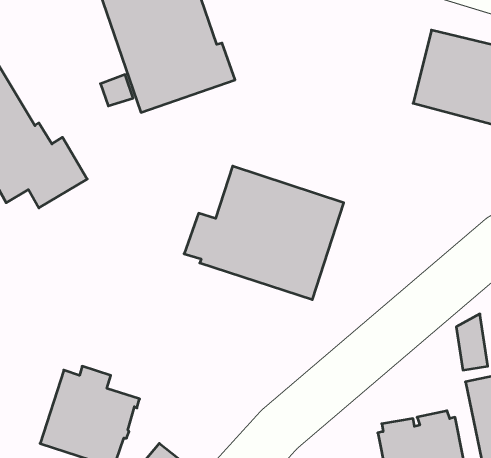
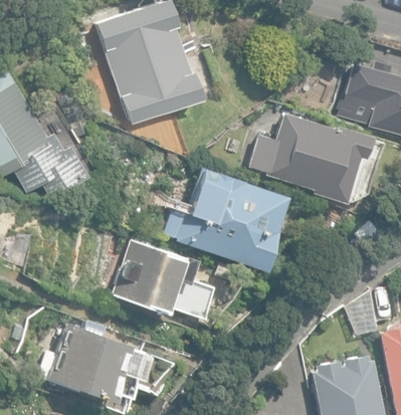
building: none -> [250,115,369,203]
building: none -> [113,238,198,312]

